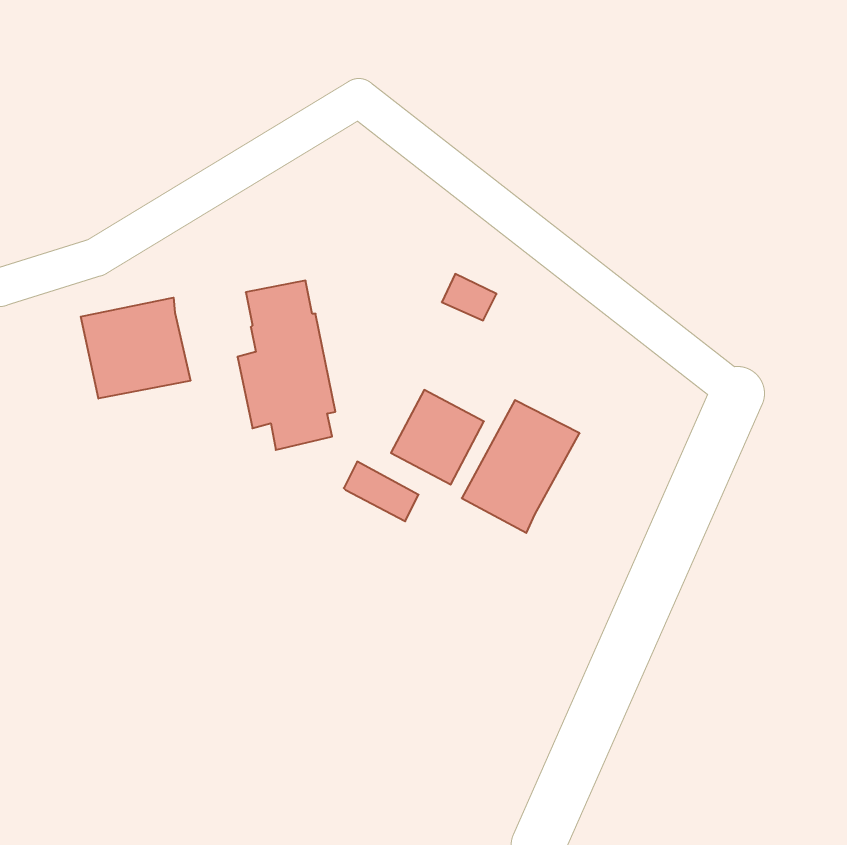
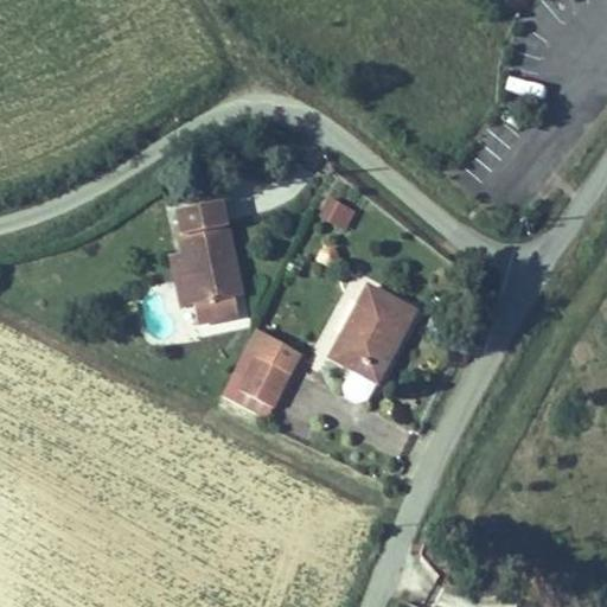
building: [81,298,190,399] -> none
building: [391,390,484,485] -> [224,350,290,417]

